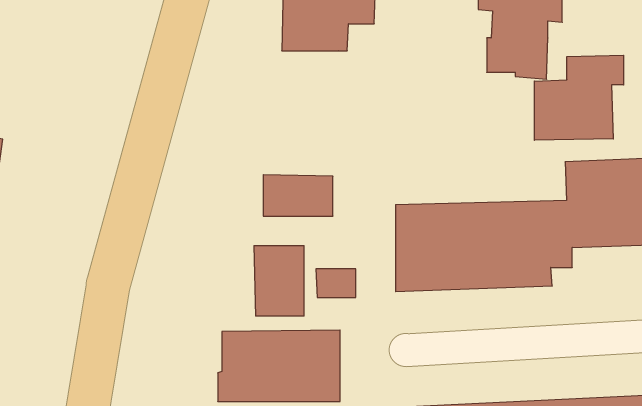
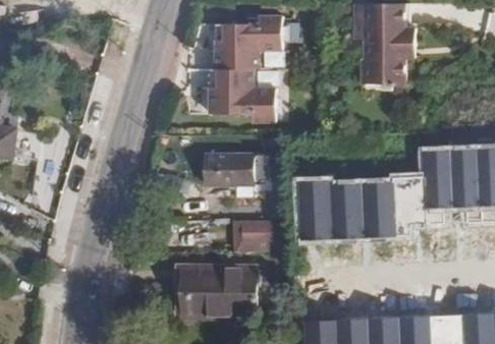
building: none -> [212,67,278,120]
building: [534,55,624,140] -> none
building: [254,246,304,316] -> none

